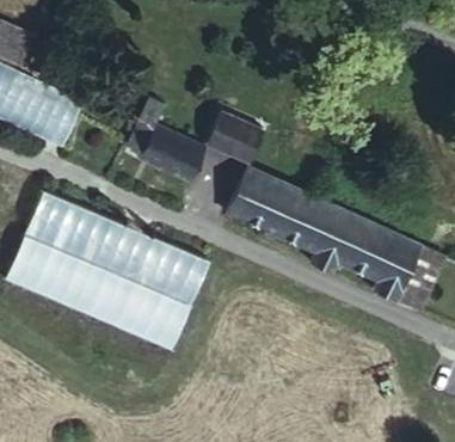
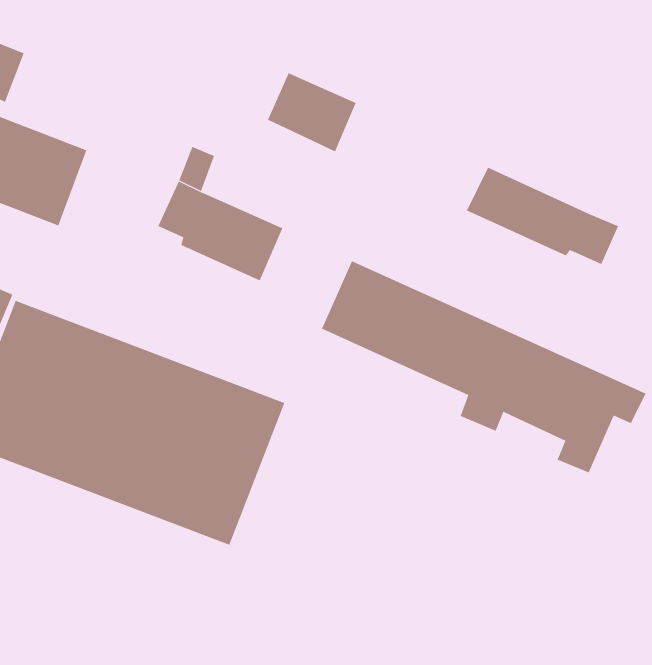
building: none -> [466,167,619,265]
building: [207,117,263,167] -> [267,72,357,152]

